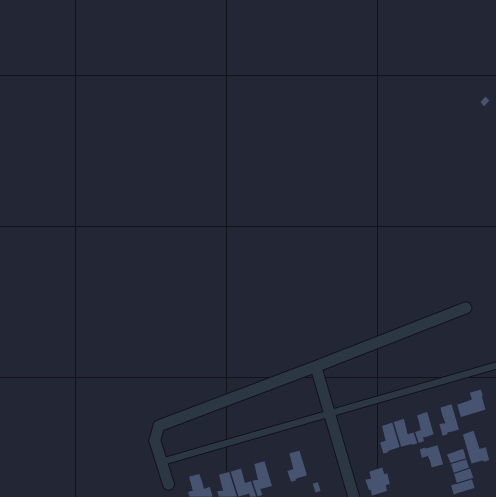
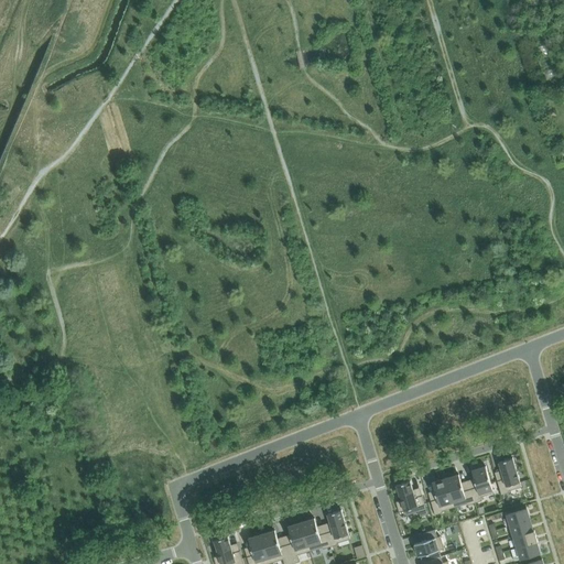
building: [457,389,486,418] -> none
building: none -> [394,479,425,516]
building: [462,430,490,465] -> none
building: [419,444,444,468] -> none
building: none -> [300,517,328,550]

